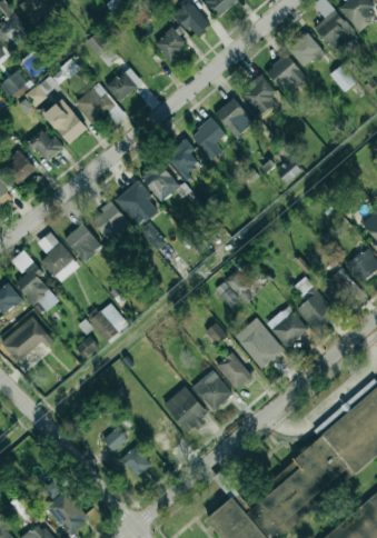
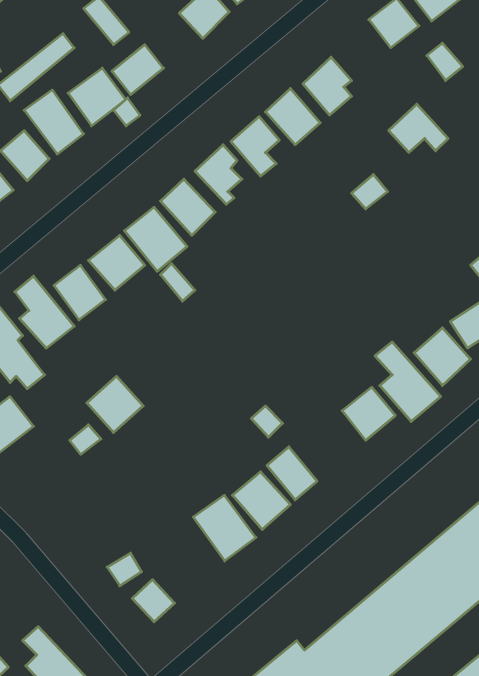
building: [266,53,308,88] -> [389,104,448,152]
building: [215,272,255,308] -> none
building: [235,318,284,369] -> none

